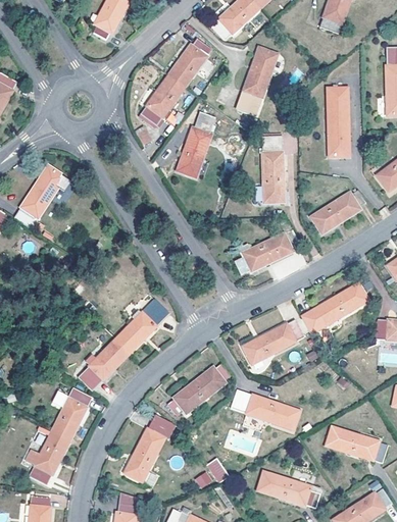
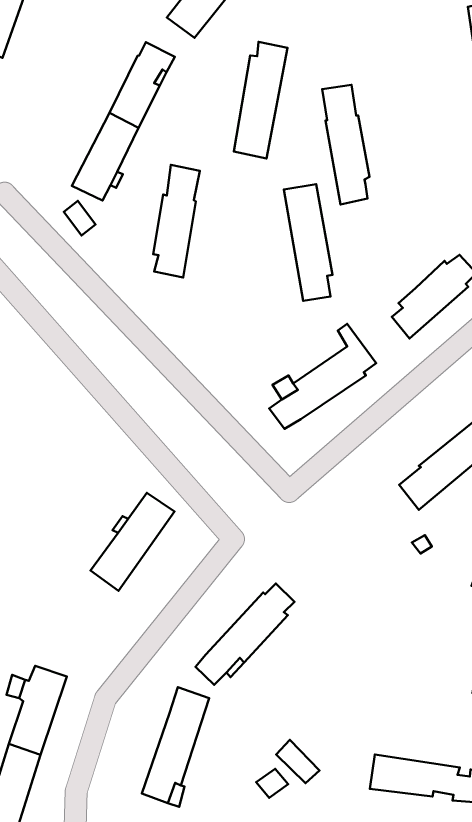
building: [328,88,348,156] -> [322,85,370,204]
building: [243,319,304,361] -> none
building: [79,338,130,392] -> none
building: [231,388,300,428] -> none

